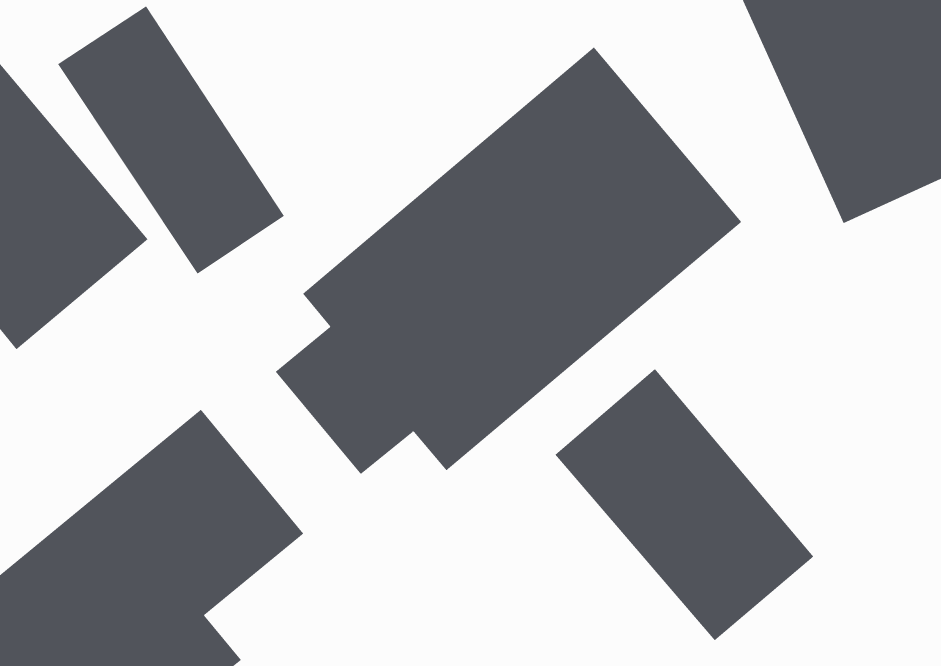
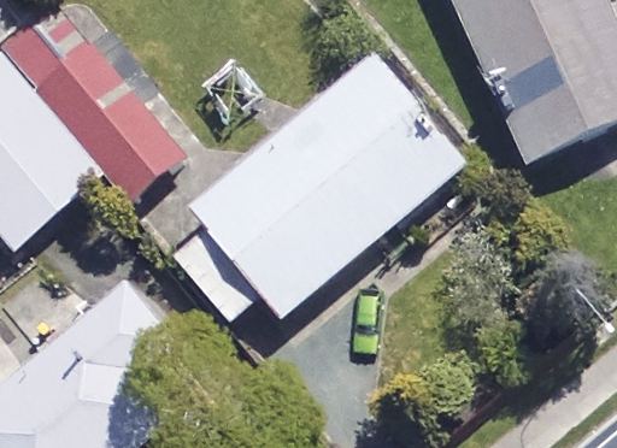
building: [555,368,814,641] -> none

